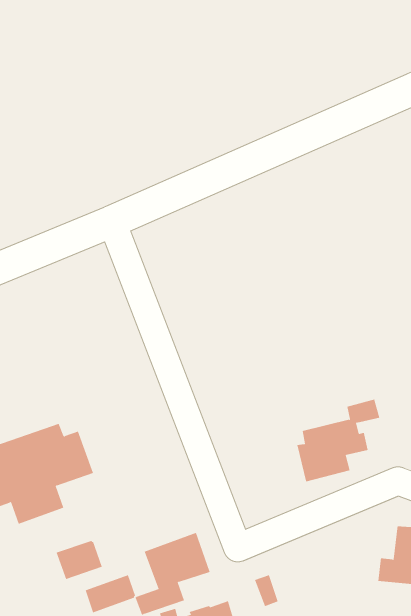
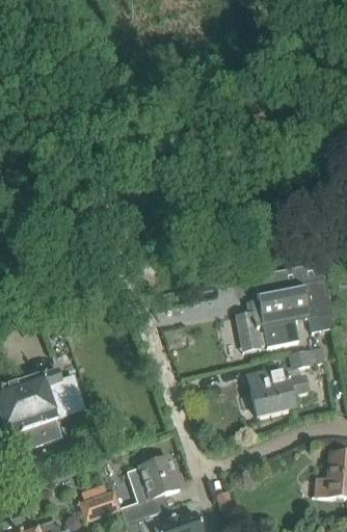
building: none -> [235,262,333,346]
building: [56,540,102,580] -> none

